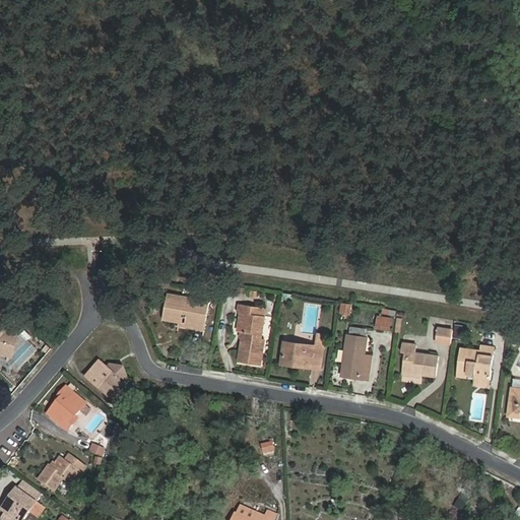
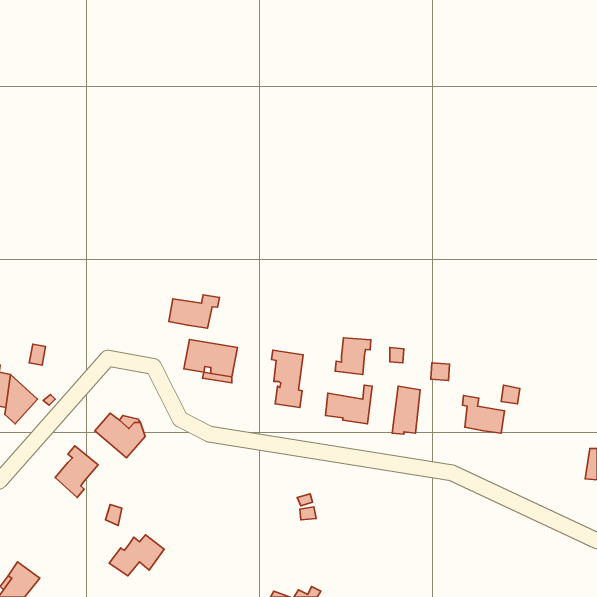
building: none -> [169,295,219,328]
building: none -> [335,338,371,375]
building: [457,345,495,382] -> none
building: [36,453,83,489] -> [109,535,164,576]

